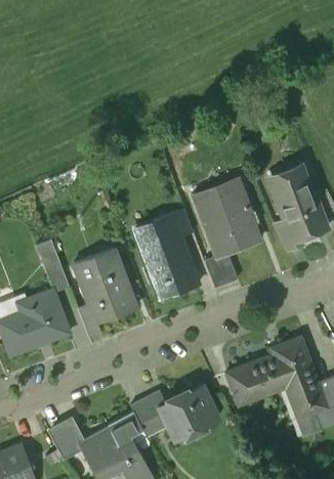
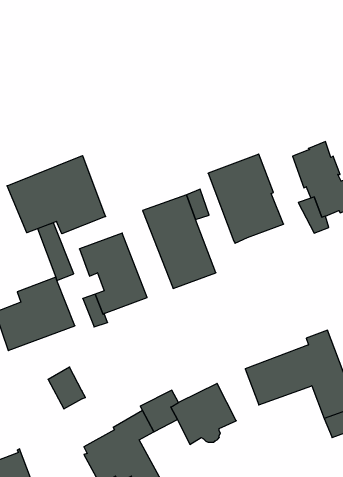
building: none -> [7,156,106,234]
building: [204,253,238,289] -> none
building: [48,421,82,459] -> [48,367,85,409]

